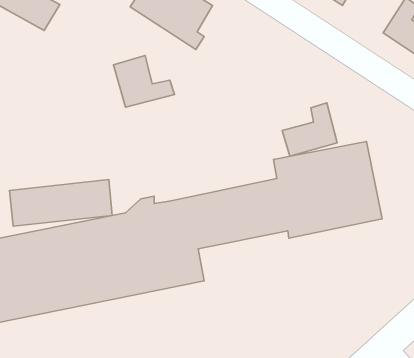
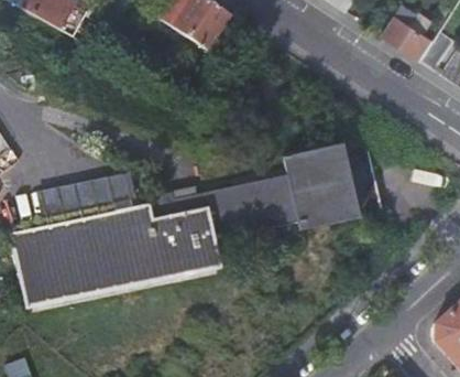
building: [113,56,175,107] -> none
building: [282,103,337,156] -> none

